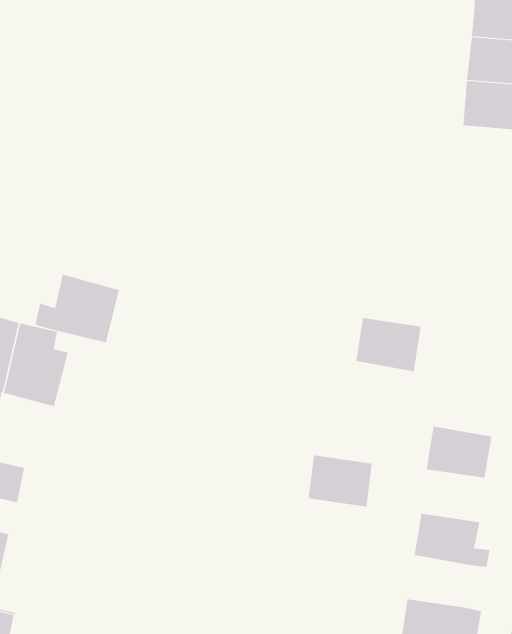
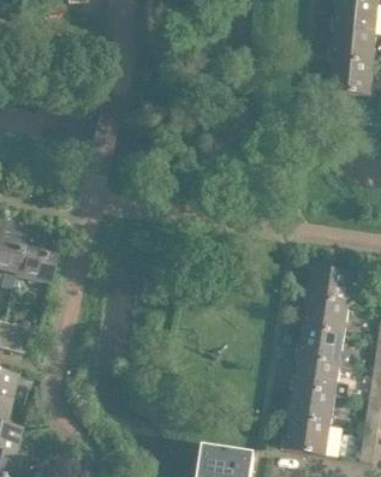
building: [35,274,119,343] -> none
building: [355,318,422,372] -> [309,268,355,305]
building: [308,455,372,507] -> [300,328,345,364]
building: none -> [291,387,337,423]

